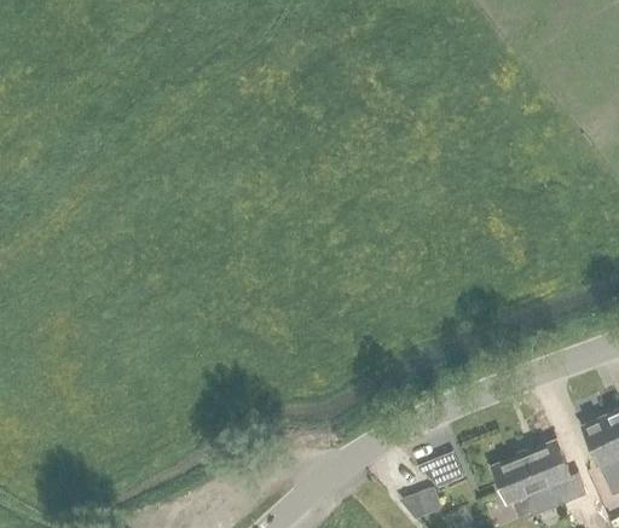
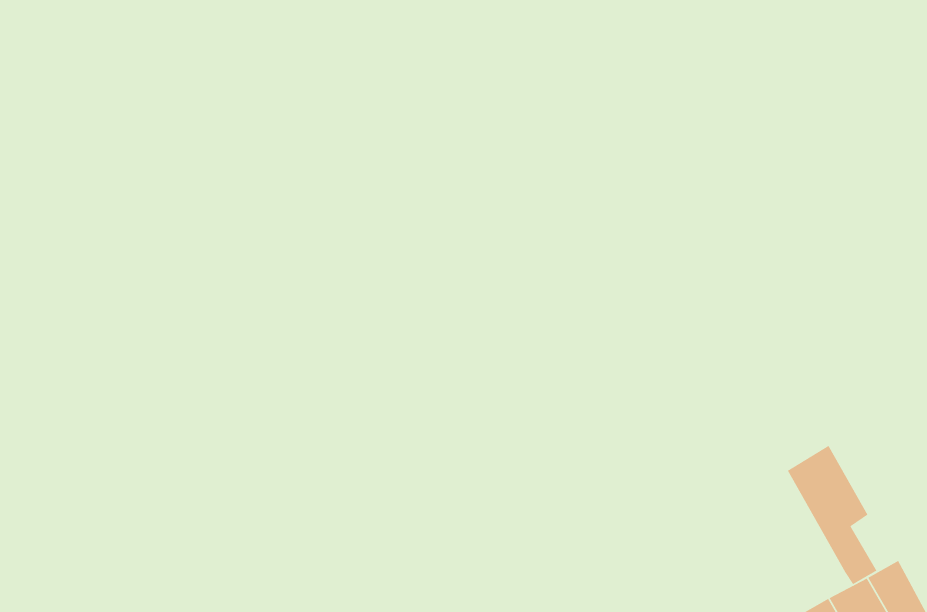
building: none -> [787,445,878,585]

